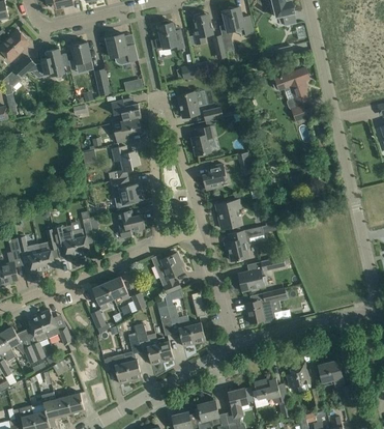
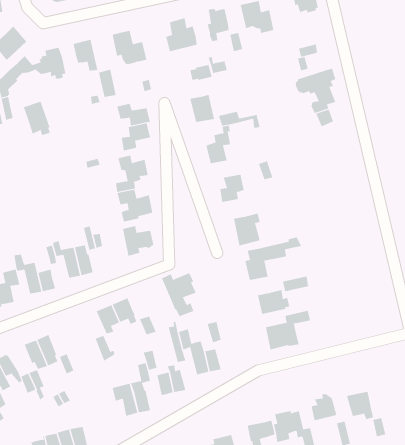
building: none -> [23,101,50,136]

